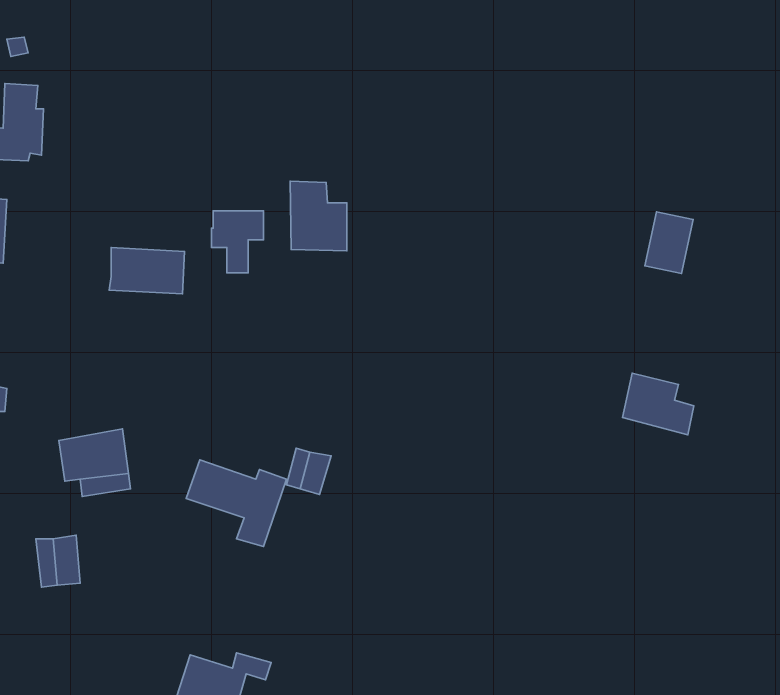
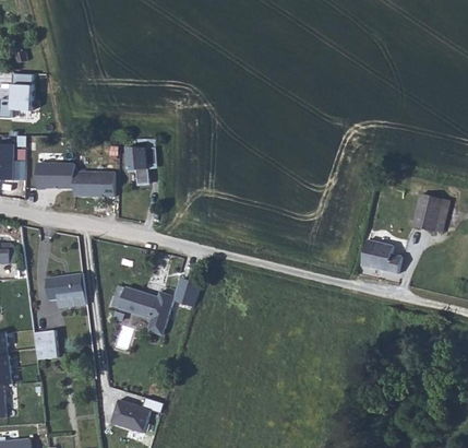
building: [290,181,347,251] -> none
building: [645,212,693,274] -> [416,193,443,228]
building: none -> [35,158,73,185]

